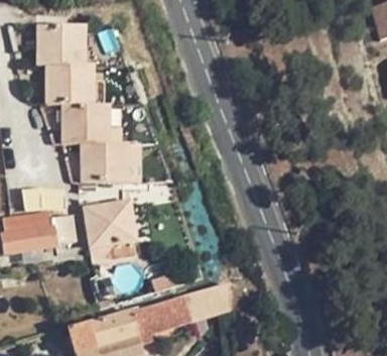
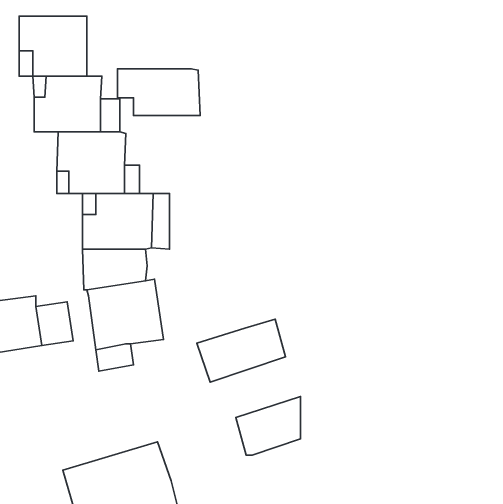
building: none -> [118,69,200,116]
building: [131,295,190,338] -> [197,319,286,382]

